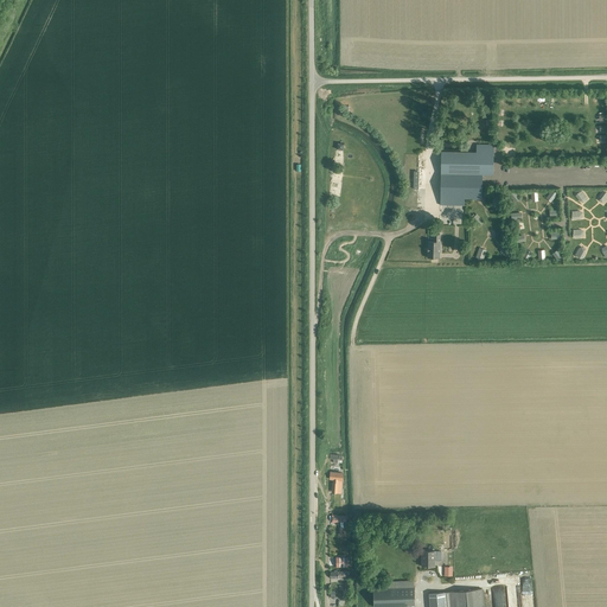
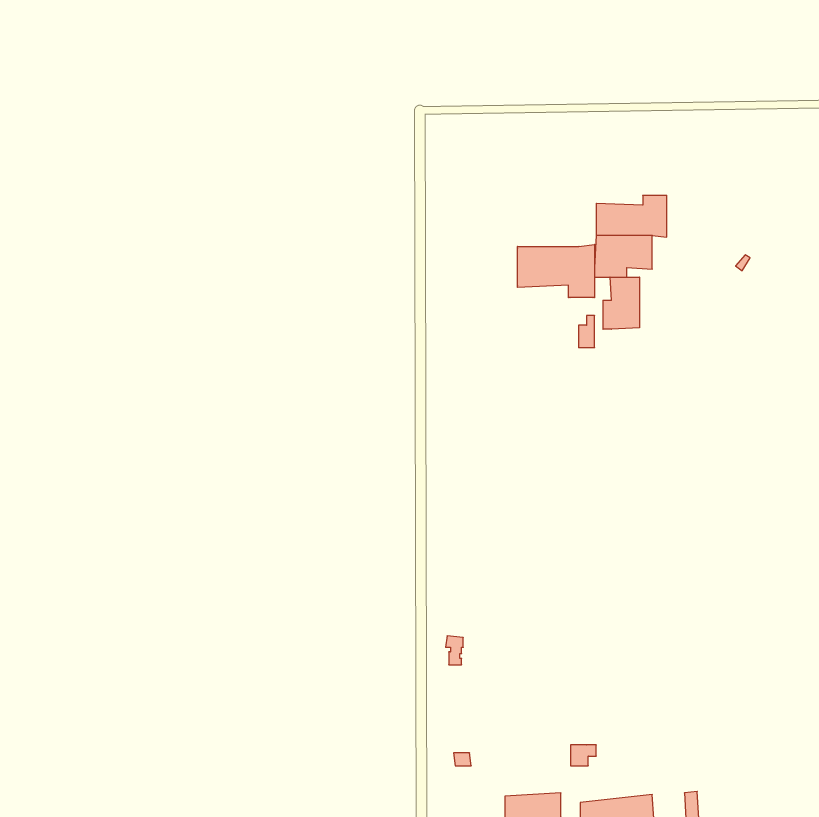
building: none -> [518,244,595,298]
building: none -> [603,277,639,329]

